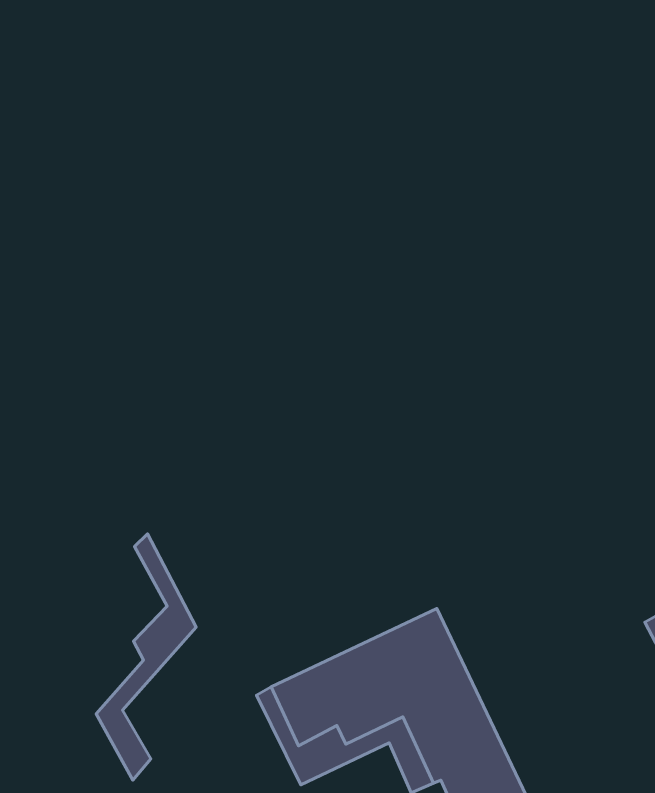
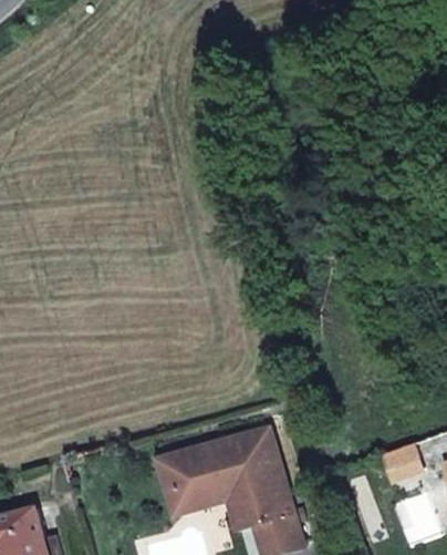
building: [96,534,196,780] -> none

